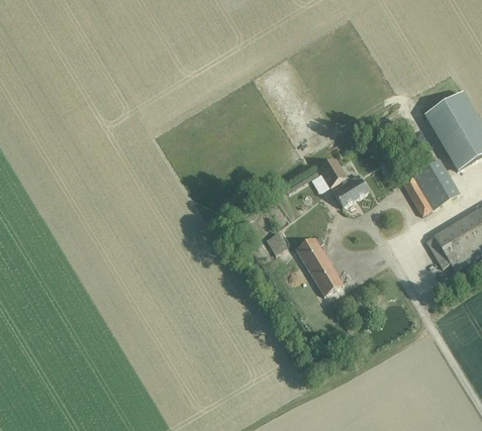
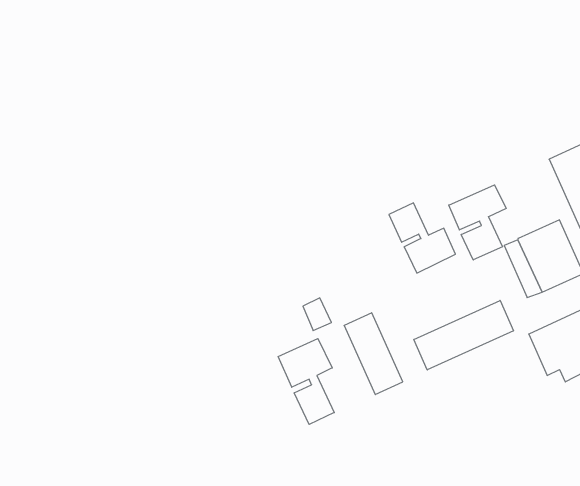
building: none -> [449,185,506,260]
building: none -> [414,300,513,370]
building: none -> [278,339,334,424]

